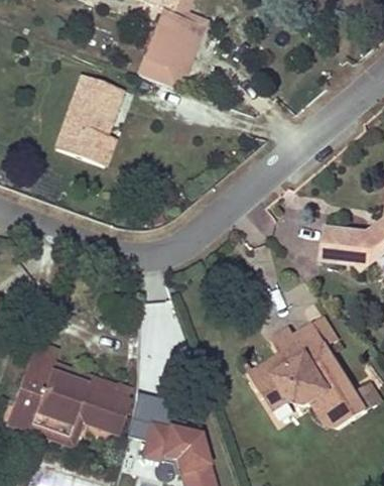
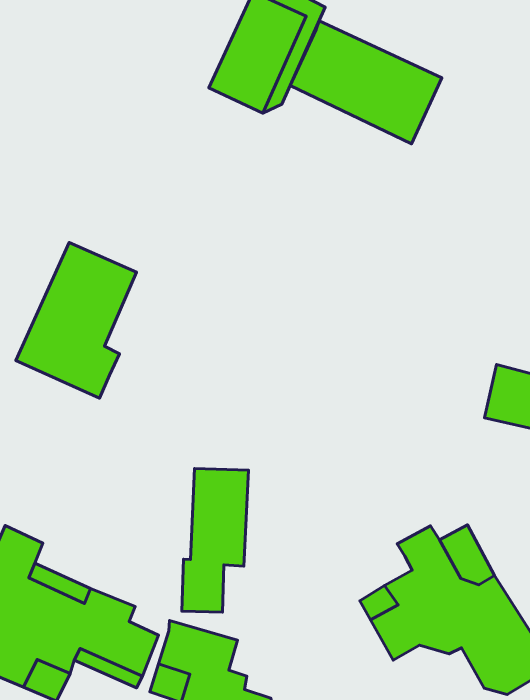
building: none -> [290,21,442,144]
building: [54,74,123,165] -> [16,242,136,398]

